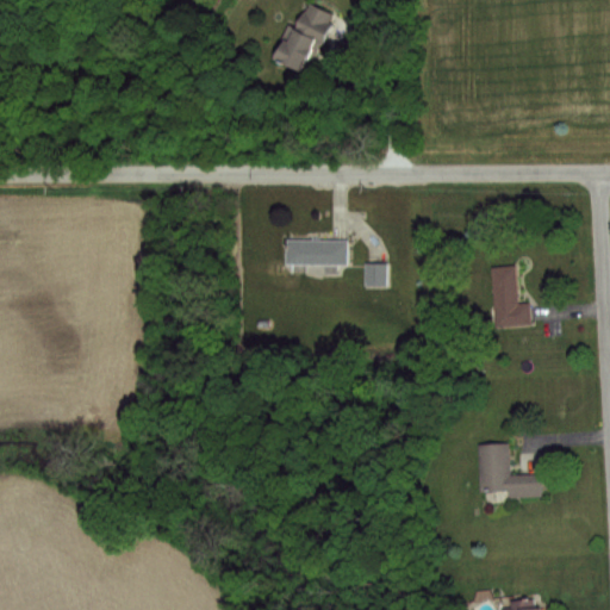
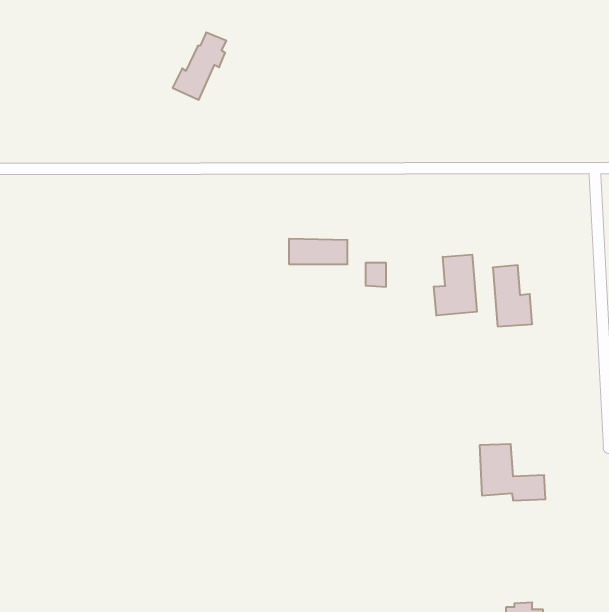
building: [276,6,330,73] -> [173,32,226,100]
building: none -> [434,255,477,316]

